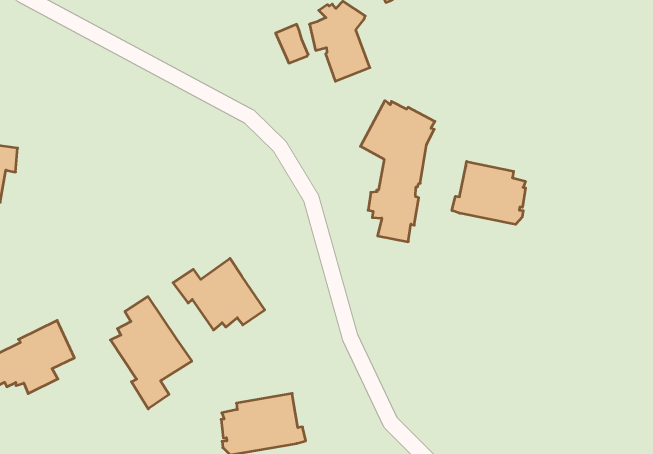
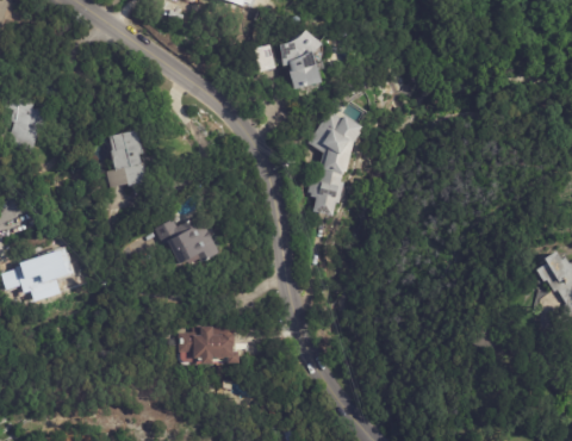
building: none -> [105,130,147,186]
building: [452,161,526,224] -> none
building: [110,297,192,409] -> none

